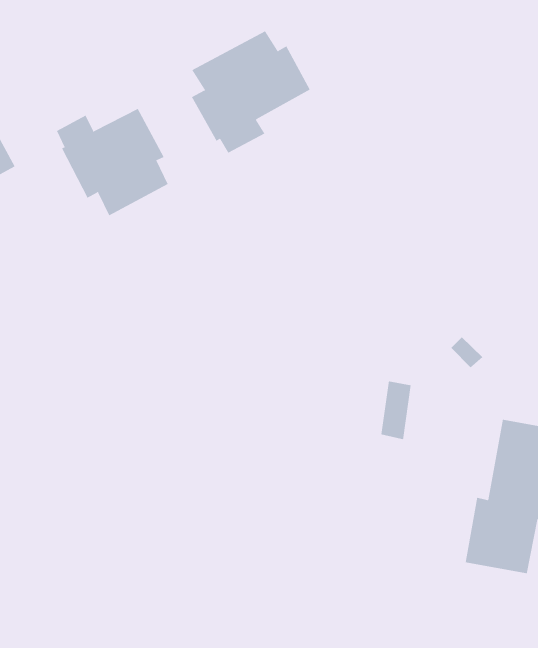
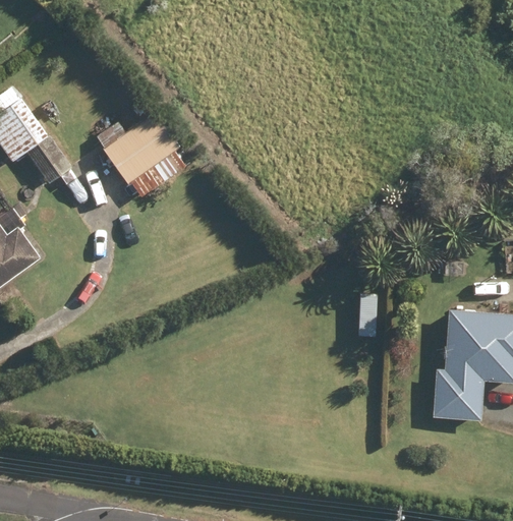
building: [191,31,310,154] -> none

